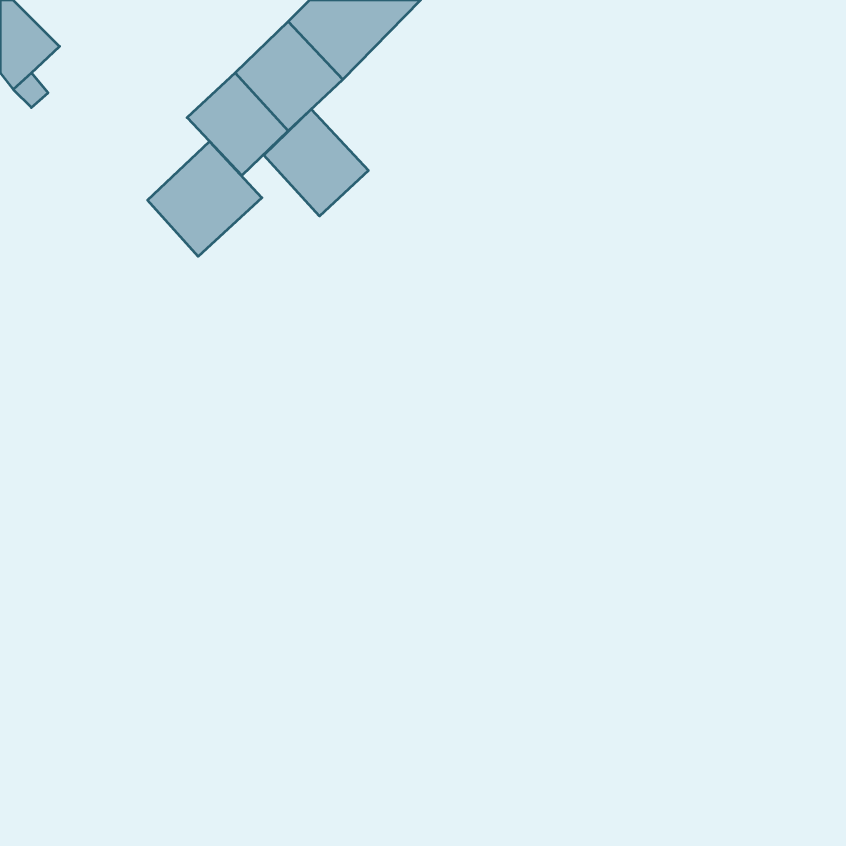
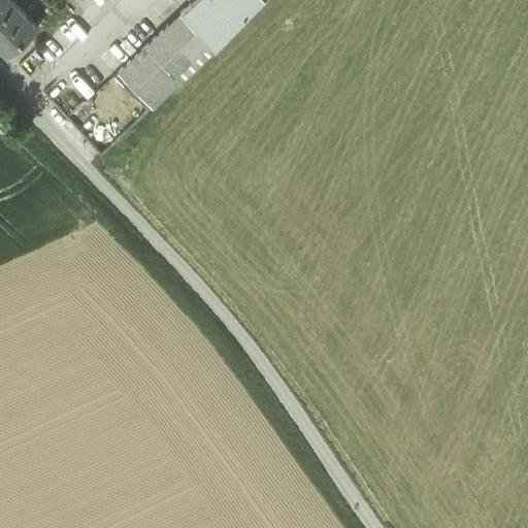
building: [264,109,368,216] -> none
building: [148,141,262,256] -> none

